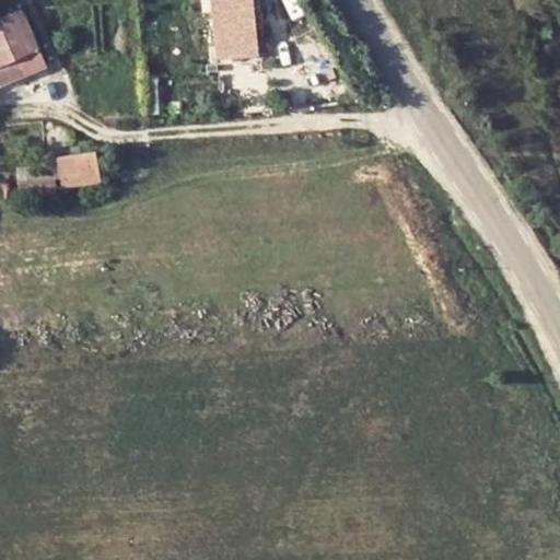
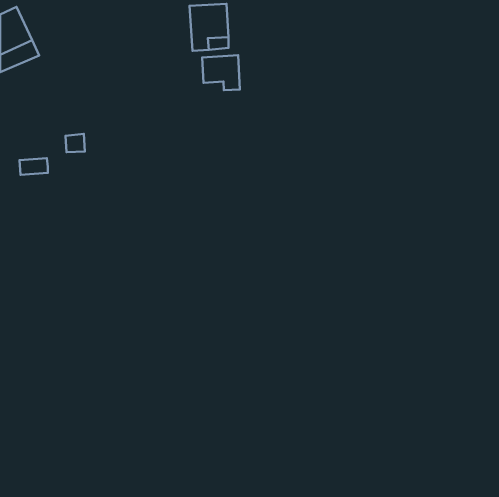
building: none -> [202,55,240,90]

